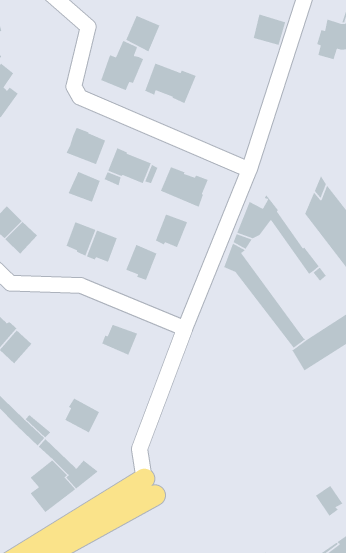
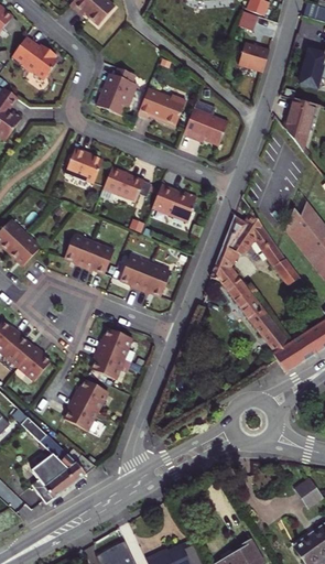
building: none -> [12,36,57,77]
building: [125,15,160,52] -> none
building: none -> [283,99,314,150]
building: none -> [183,108,228,145]
building: [68,171,101,203] -> none
building: [155,213,188,248] -> [140,264,171,296]
building: none -> [18,346,51,380]
building: none -> [91,348,123,379]
building: none -> [73,380,108,411]

